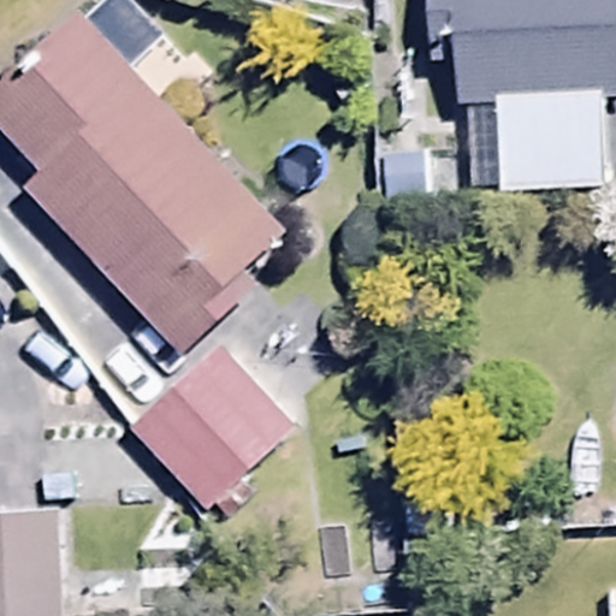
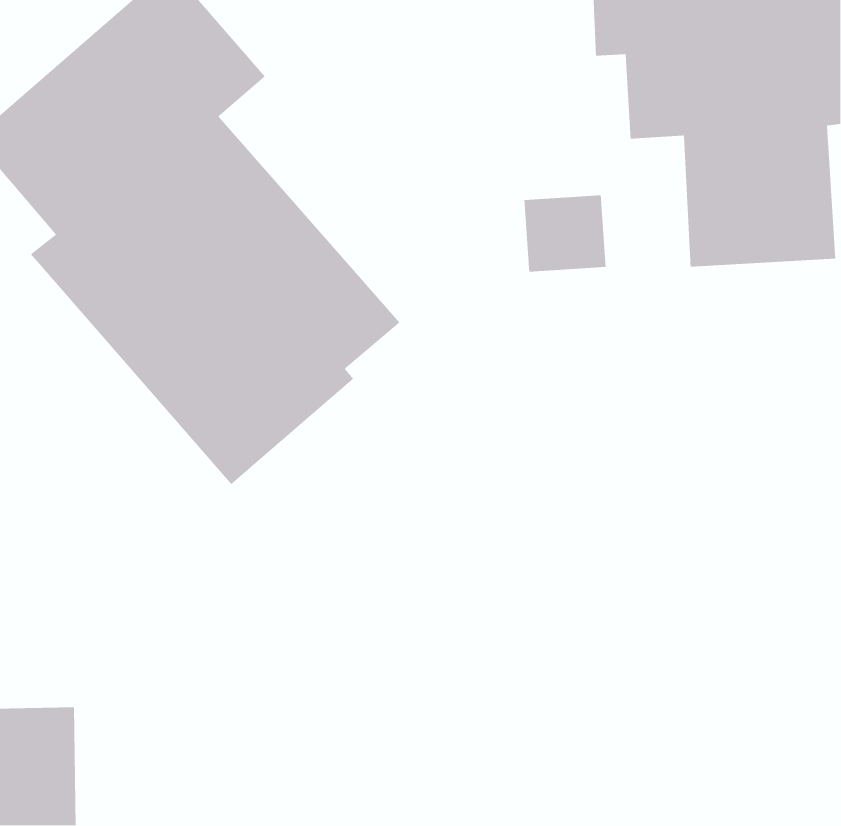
building: [129,350,288,509] -> none

